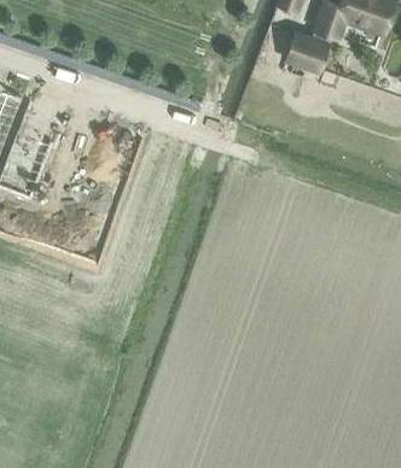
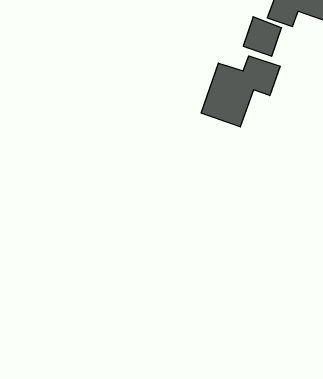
building: none -> [201,56,280,127]

